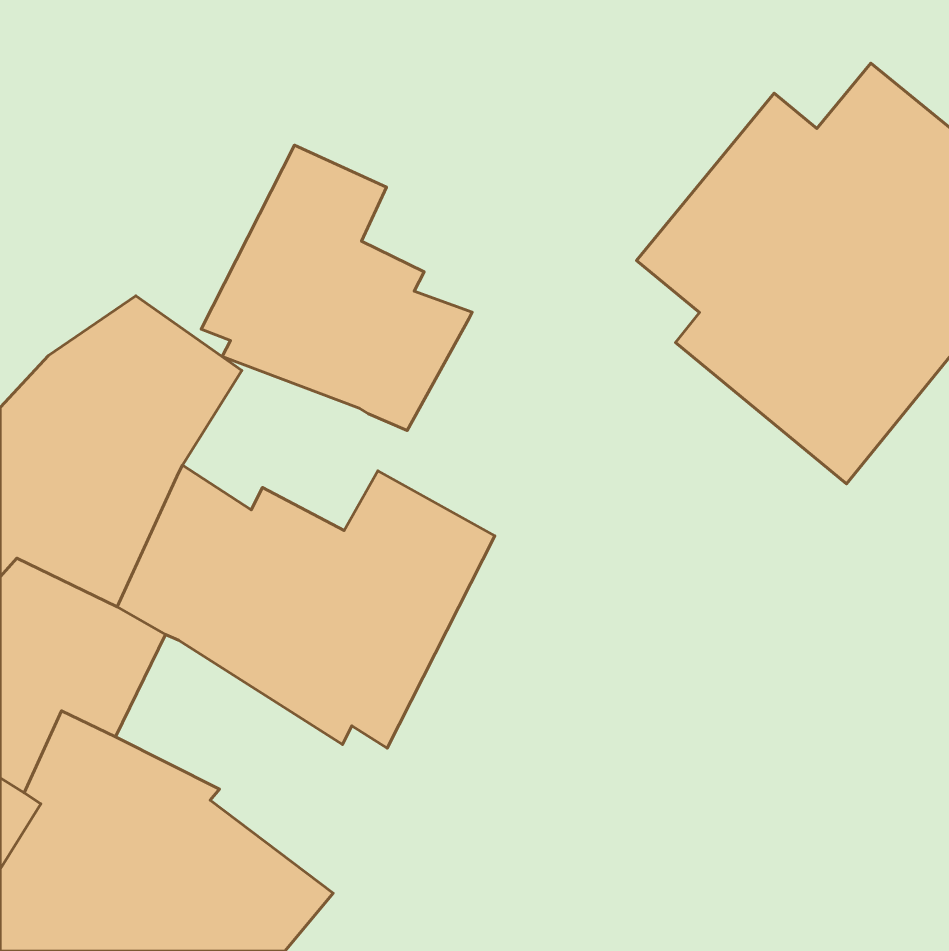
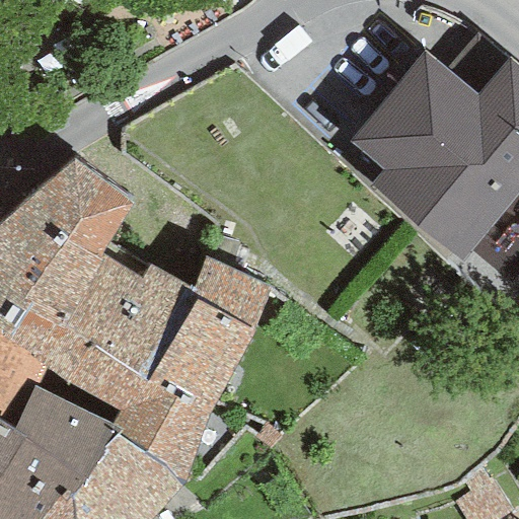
building: [201,145,472,431] -> none
building: none -> [64,346,212,487]

